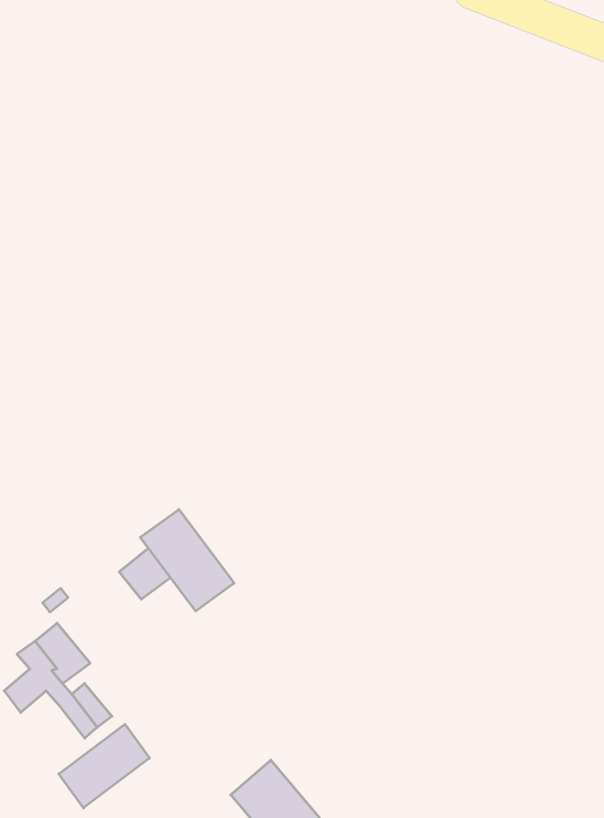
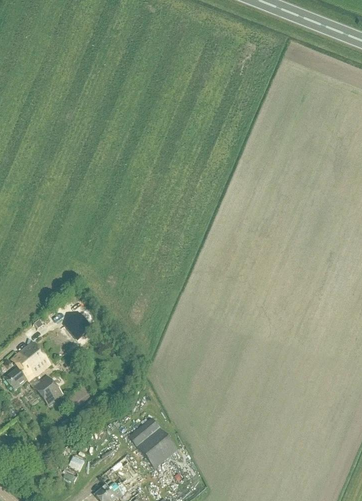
building: [140,509,234,611] -> none
building: [59,724,150,808] -> none

